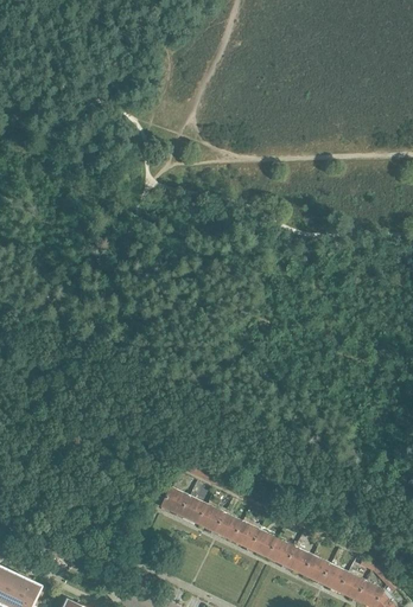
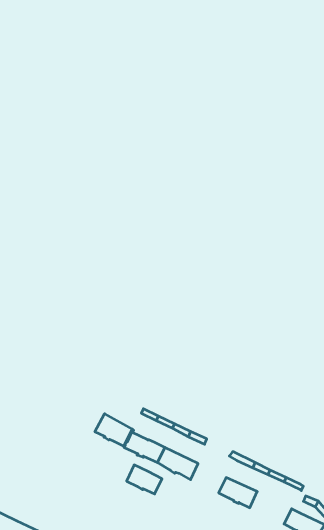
building: none -> [95,414,132,446]
building: [234,523,273,555] -> [127,465,162,494]
building: [299,554,345,589] -> none

